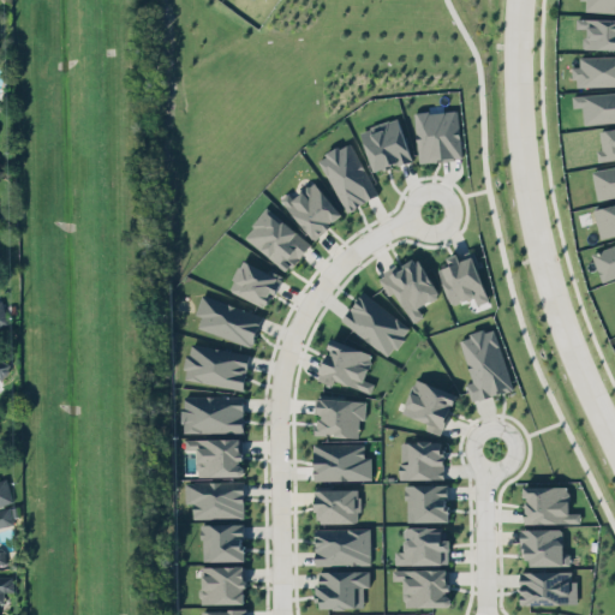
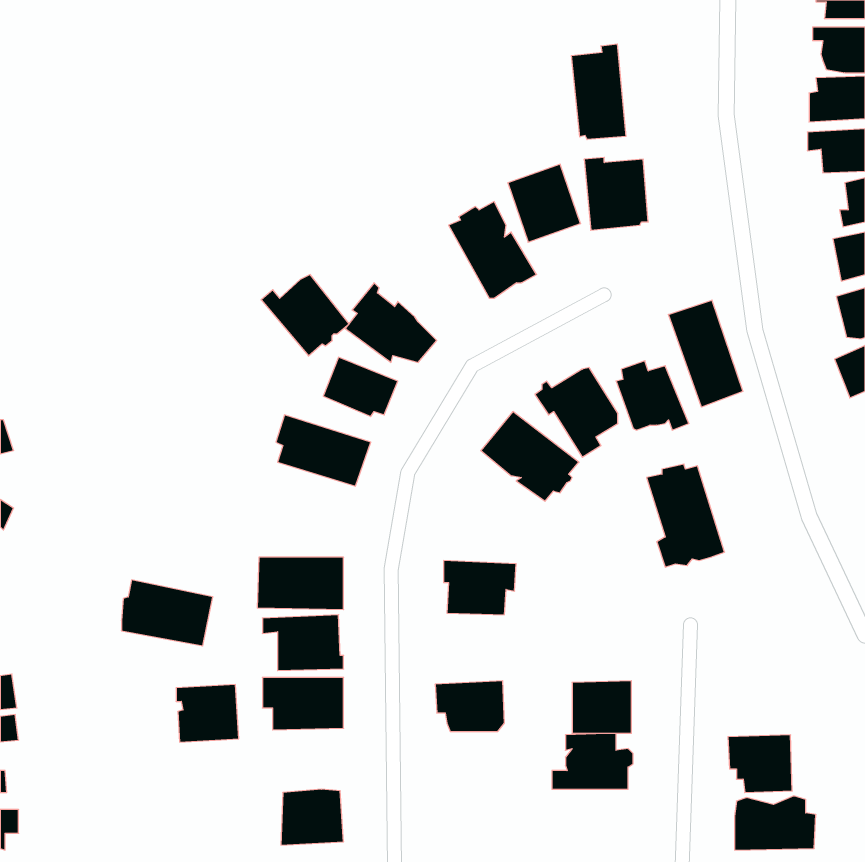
building: none -> [571,44,626,140]
building: [280,185,342,243] -> [261,275,349,356]
building: none -> [668,300,743,407]
building: [184,340,249,387] -> [121,580,213,646]
building: [317,340,374,394] -> none
building: [402,381,458,438] -> none
building: [310,441,370,482] -> none
building: [394,443,446,485] -> none
building: [524,482,581,521] -> none
building: [199,520,244,561] -> [176,685,239,742]
building: [312,526,369,566] -> none
building: [393,565,450,607] -> none
building: [317,572,370,609] -> none

